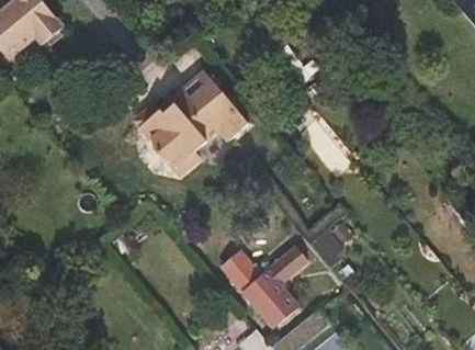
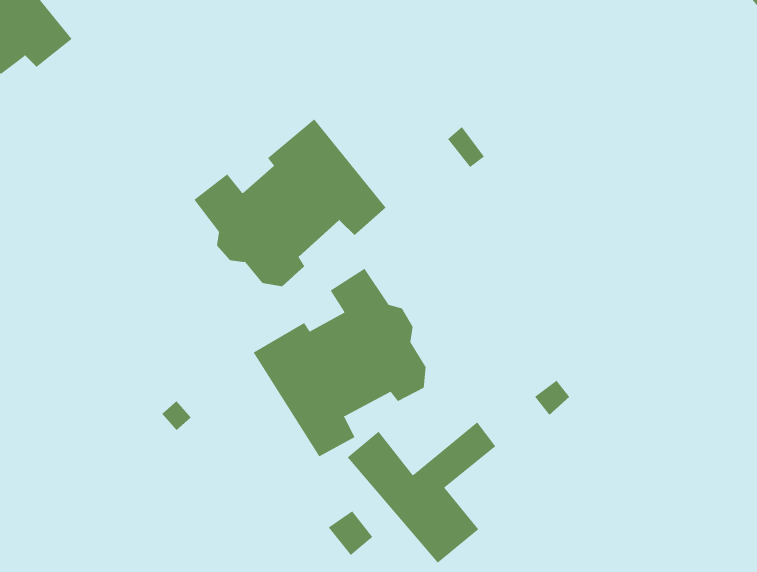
building: none -> [253,268,426,457]

